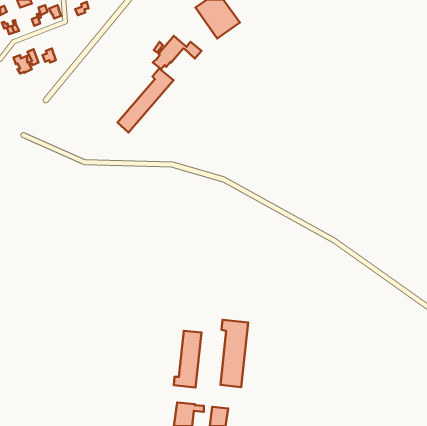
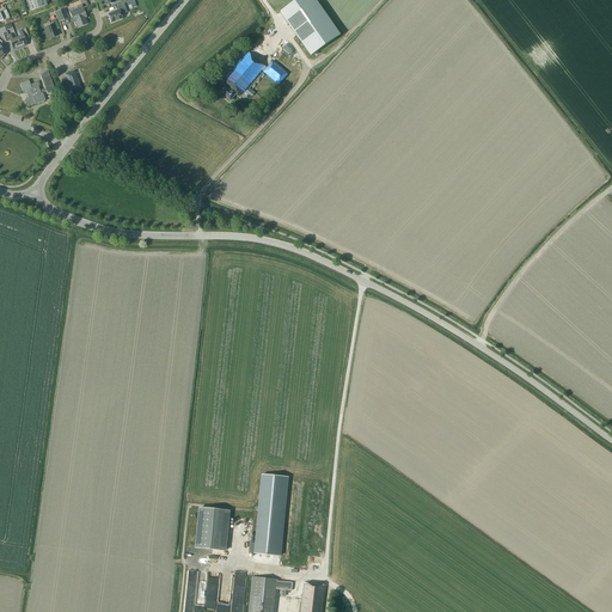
building: [117,68,173,133] -> none
building: [221,320,248,387] -> none
building: none -> [196,507,231,549]

